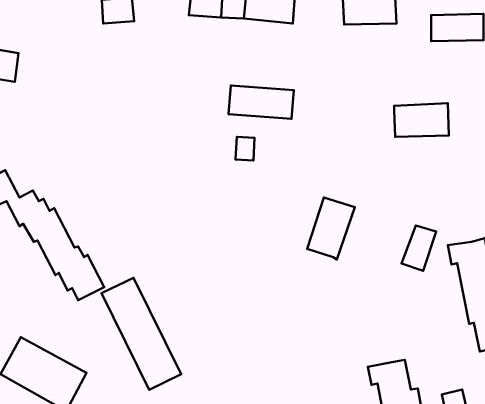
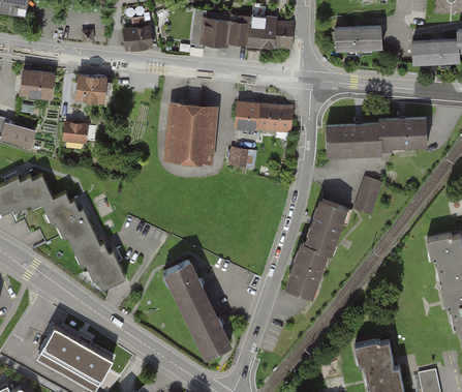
building: none -> [74,76,105,103]
building: none -> [165,104,216,165]
building: none -> [63,122,88,145]
building: none -> [325,125,379,156]
building: [402,225,436,271] -> [355,175,384,214]
building: none -> [284,244,326,297]
building: [101,278,181,390] -> [162,262,232,359]

